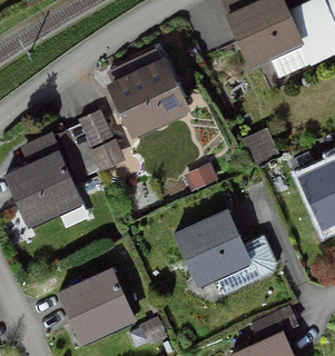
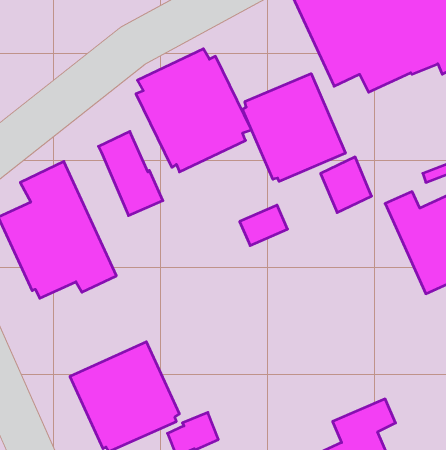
building: none -> [243,74,345,181]
building: [56,126,99,182] -> none
building: [171,207,277,296] -> none

